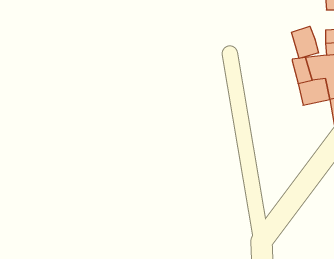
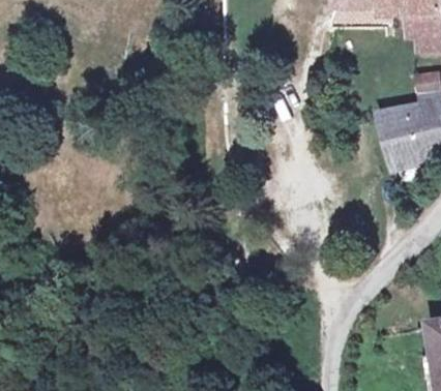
building: [291,26,319,58] -> none

